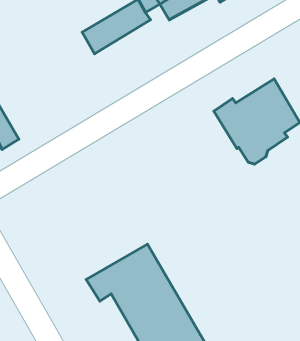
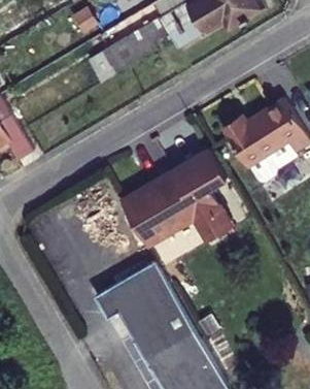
building: none -> [122,151,232,247]

